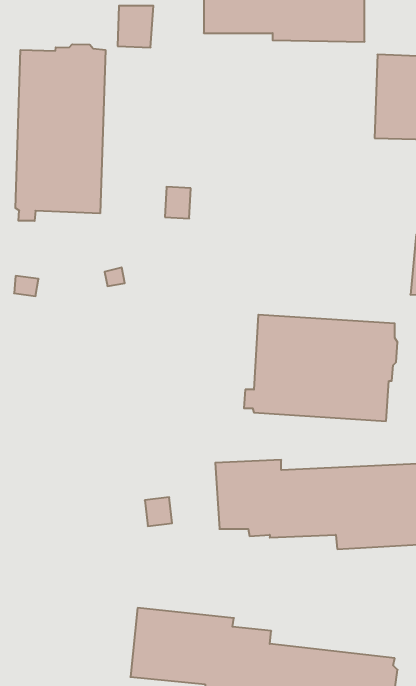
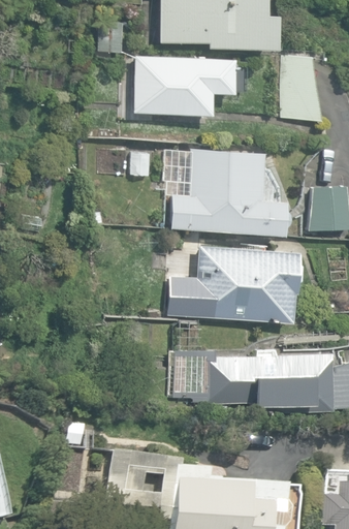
building: [16,44,105,221] -> none
building: none -> [135,55,236,114]
building: none -> [172,148,288,234]

